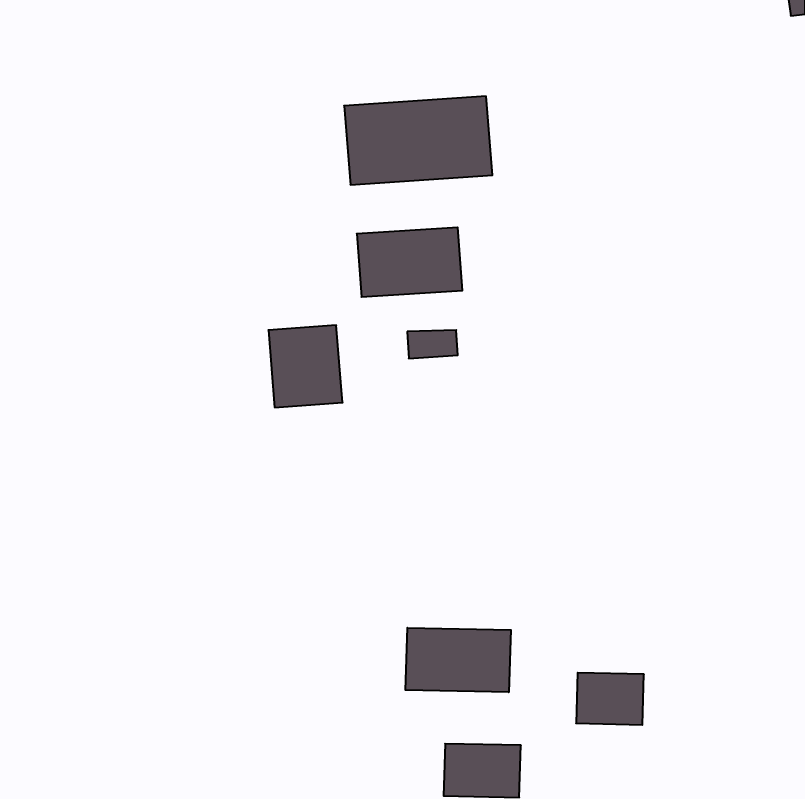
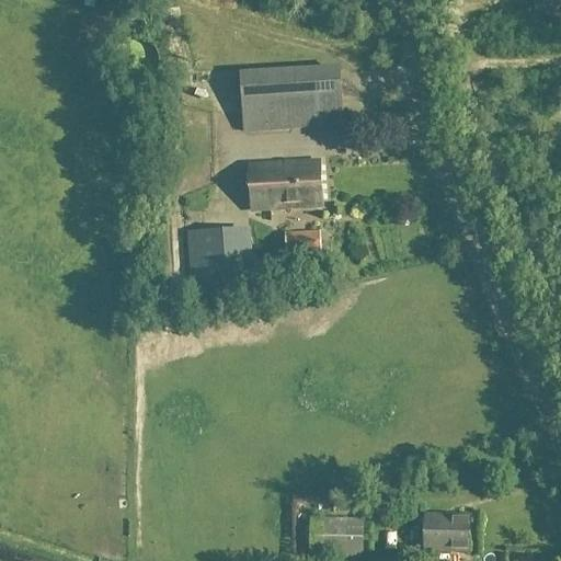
building: [405,628,511,692] -> none
building: [576,673,644,725] -> [423,512,470,548]

